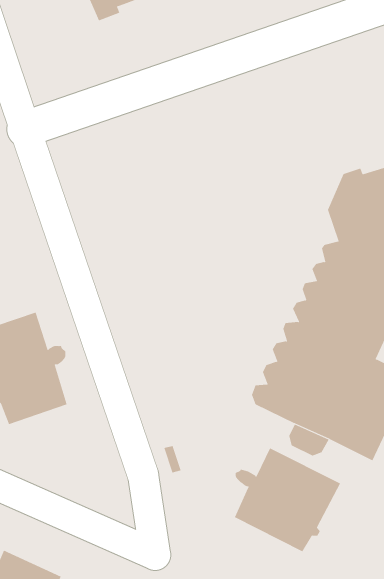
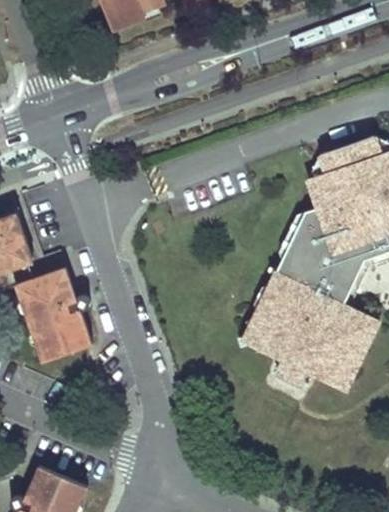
building: [234,448,341,552] -> none

